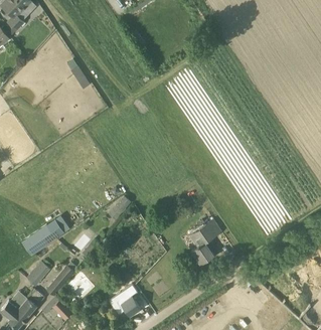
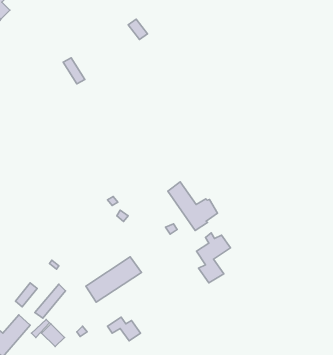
building: none -> [168,182,217,230]
building: [22,215,71,256] -> [86,257,142,302]

